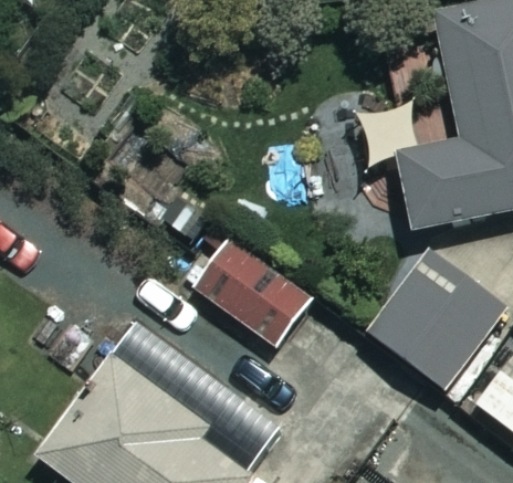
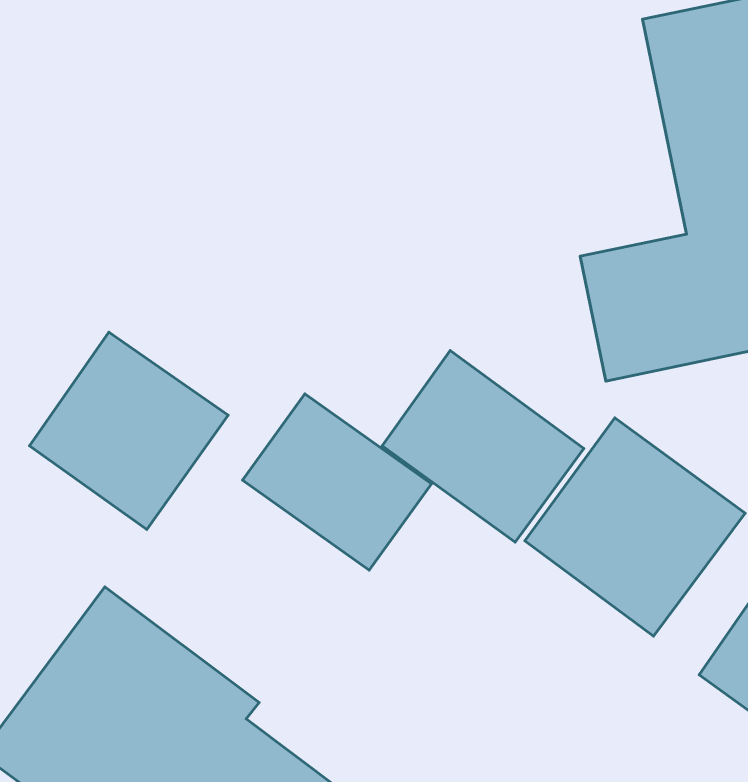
building: none -> [29,332,228,529]
building: none -> [382,351,584,542]

